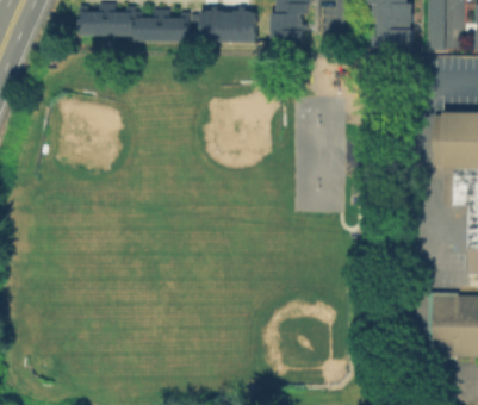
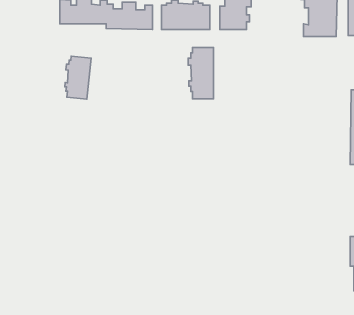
building: none -> [188,48,214,99]
building: none -> [65,56,91,99]

